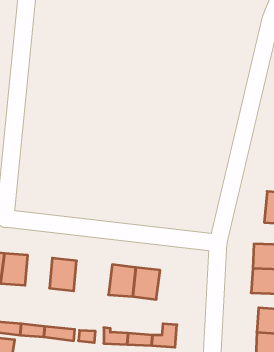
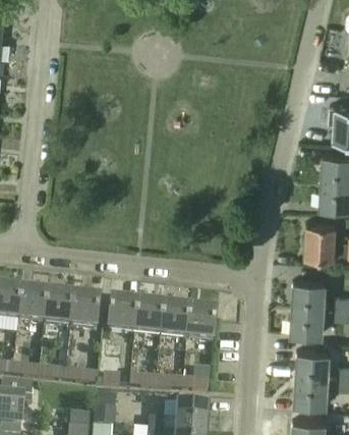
building: none -> [44,291,73,327]
building: none -> [108,298,138,334]
building: none -> [186,308,217,342]

